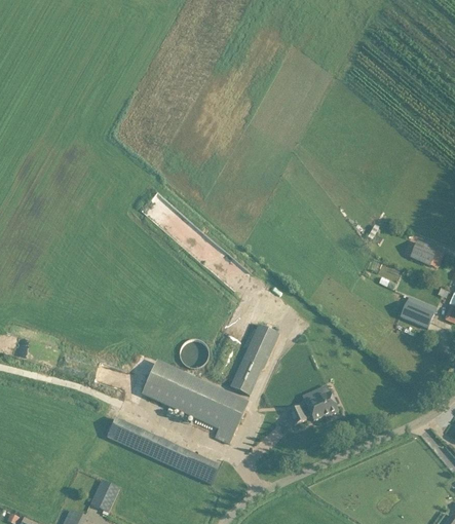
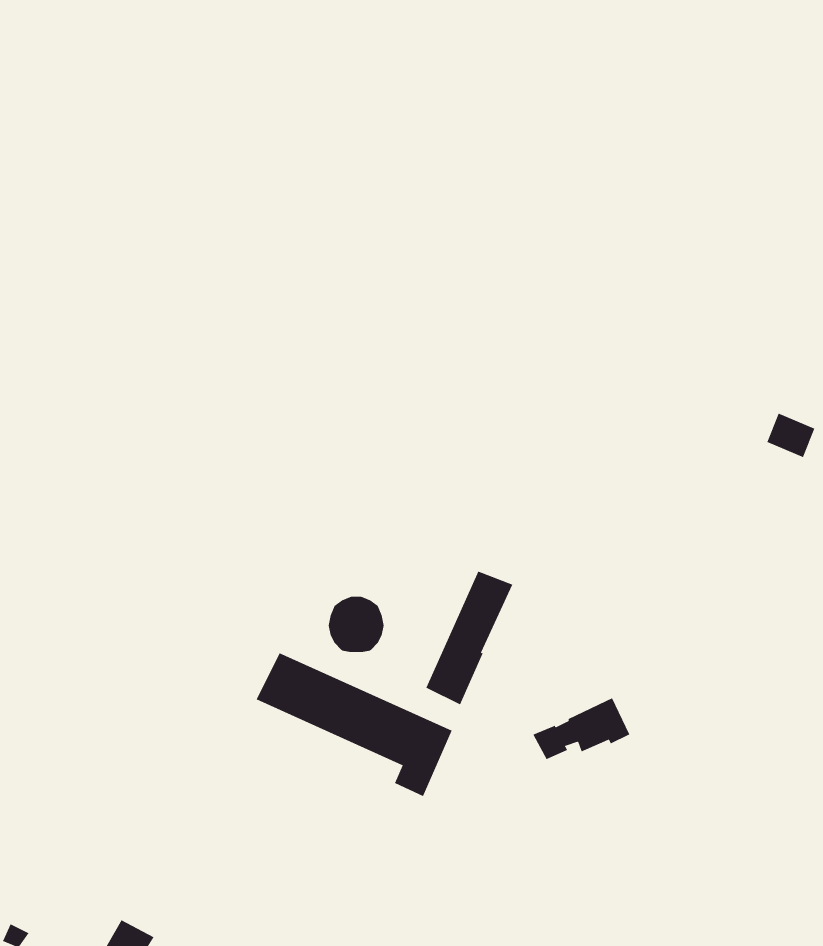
building: [400,300,433,328] -> none
building: [101,416,219,483] -> none
building: [90,479,118,511] -> none

